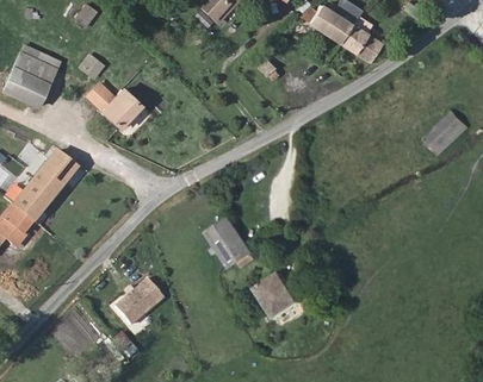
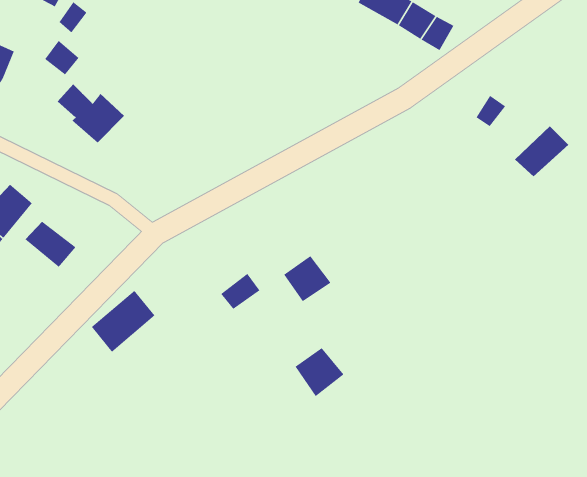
building: none -> [25,221,76,268]
building: [218,236,254,270] -> [283,255,332,302]
building: [113,277,161,324] -> [91,290,156,353]

